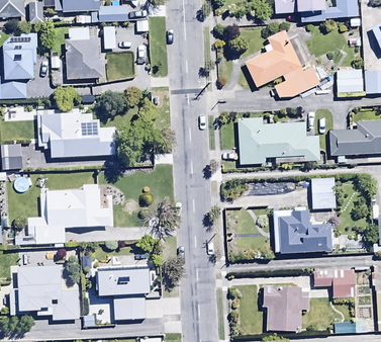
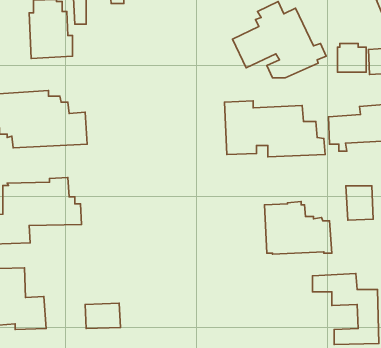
building: [311,177,336,207] -> [346,186,373,220]
building: [97,267,154,295] -> none
building: [263,285,309,331] -> none

